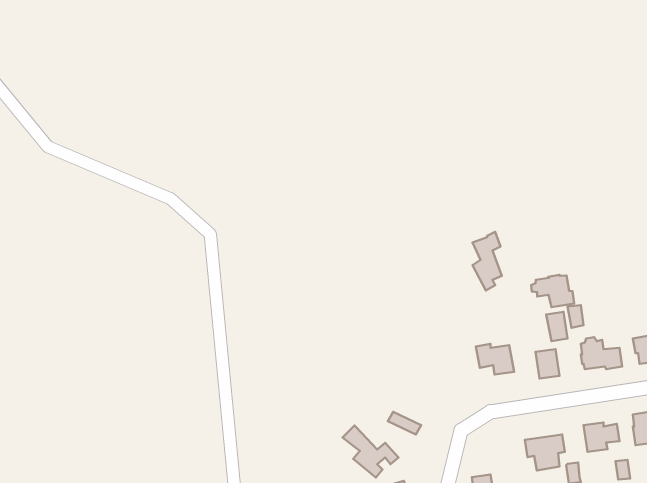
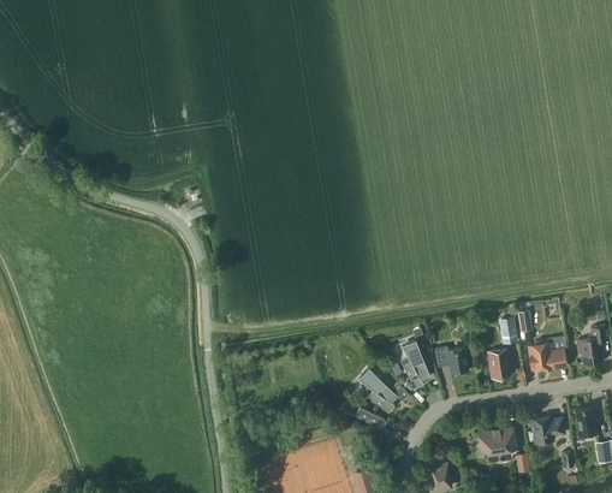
building: [472,232,502,290] -> [403,337,429,390]
building: [531,275,574,307] -> none
building: [343,426,399,477] -> [358,367,409,414]

